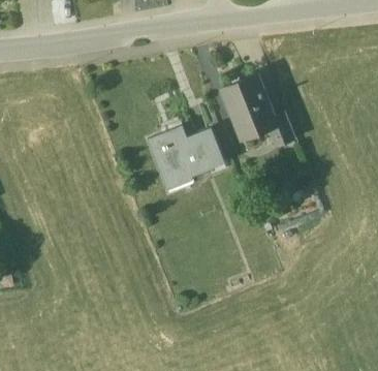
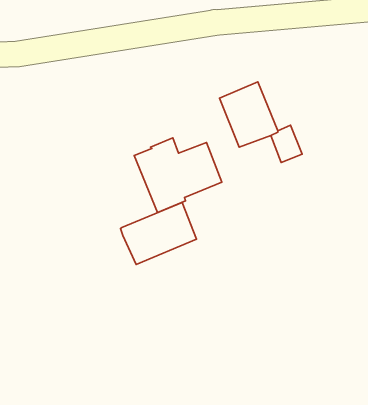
building: none -> [121,202,197,264]

